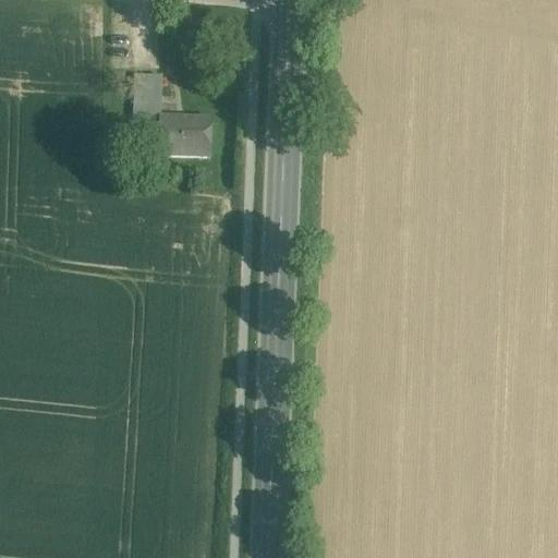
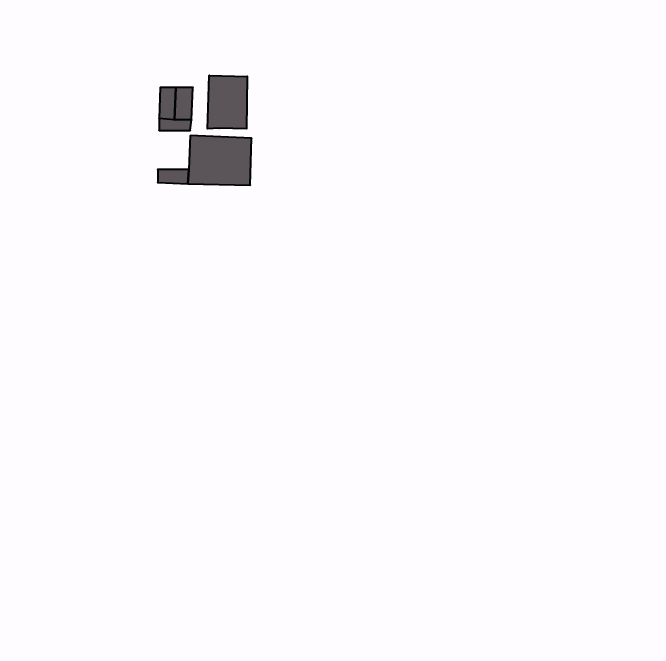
building: none -> [207,75,247,129]

